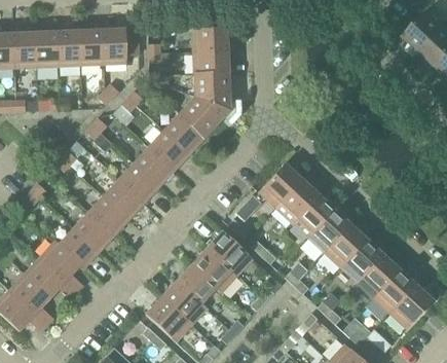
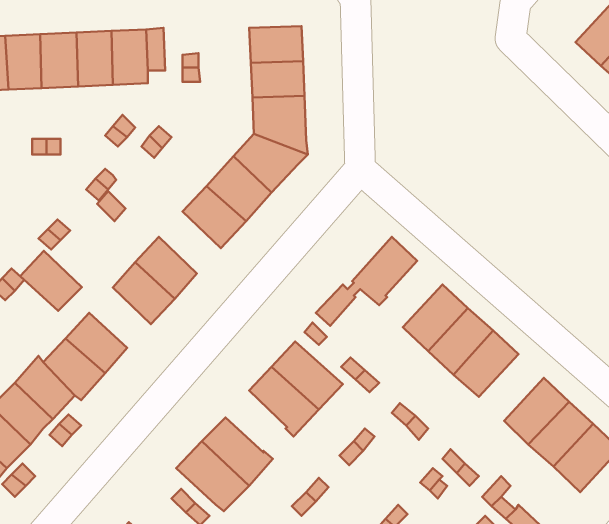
building: [134,146,174,186] -> none
building: [276,178,318,221] -> none
building: [88,195,128,234] -> [20,251,82,311]
building: [341,239,383,282] -> none
building: [177,262,217,302] -> none

